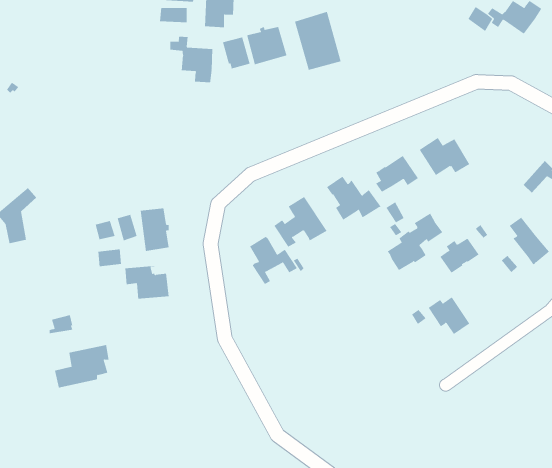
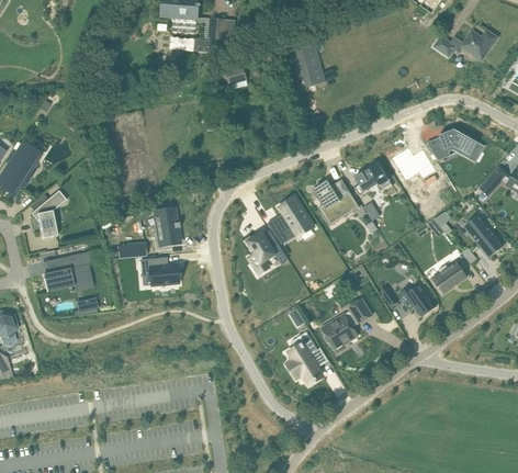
building: [247,26,287,65] -> none
building: [170,36,213,83] -> none
building: none -> [431,128,477,160]
building: [387,213,443,271] -> [324,299,372,348]
building: [440,238,479,274] -> [432,262,466,293]
building: [54,345,109,388] -> [44,251,91,289]
building: none -> [289,333,322,385]

